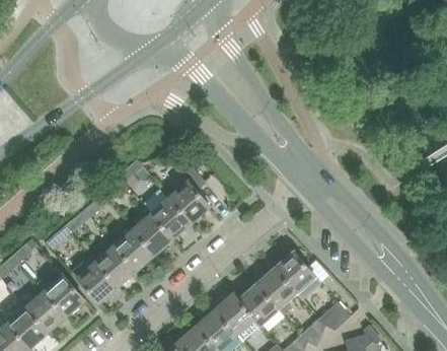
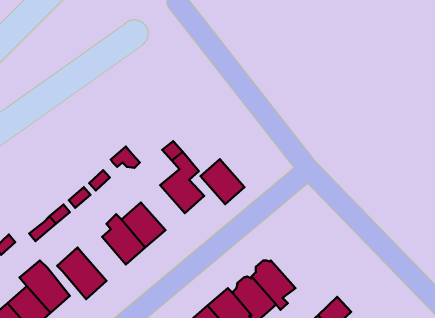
building: [151,197,193,239] -> [200,159,245,204]
building: [96,245,137,287] -> none
building: [273,252,321,301] -> none

